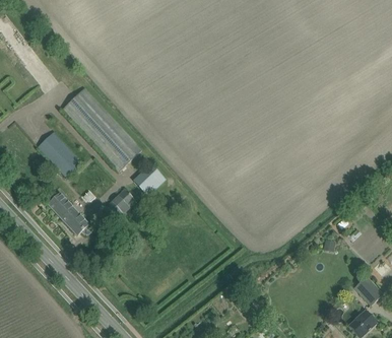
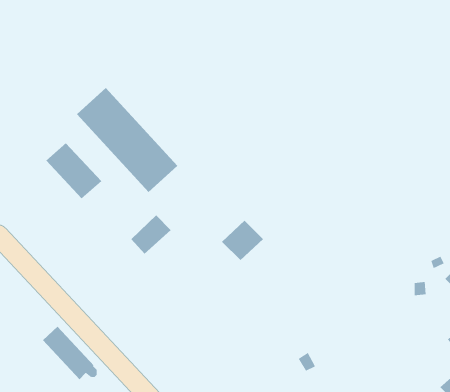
building: [133,163,167,196] -> [221,220,264,261]
building: [48,193,91,235] -> [42,326,97,380]

